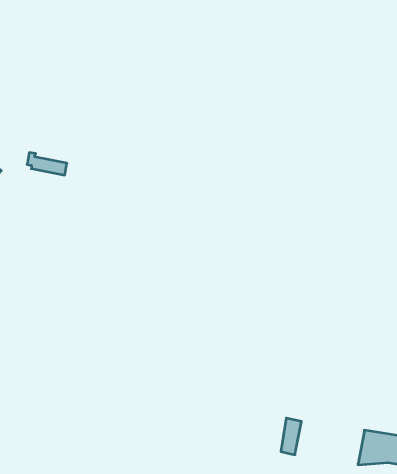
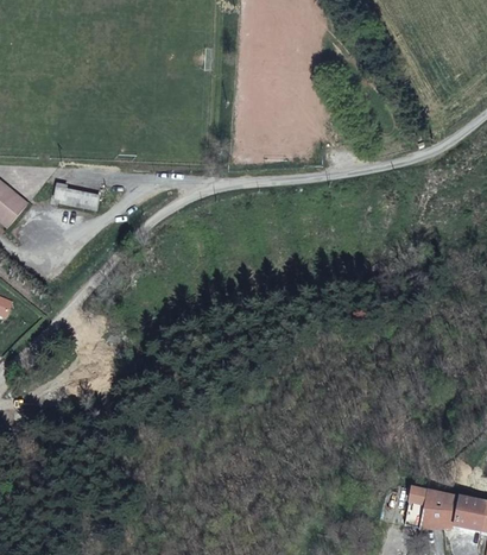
building: [281,418,301,455] -> [405,486,428,526]

